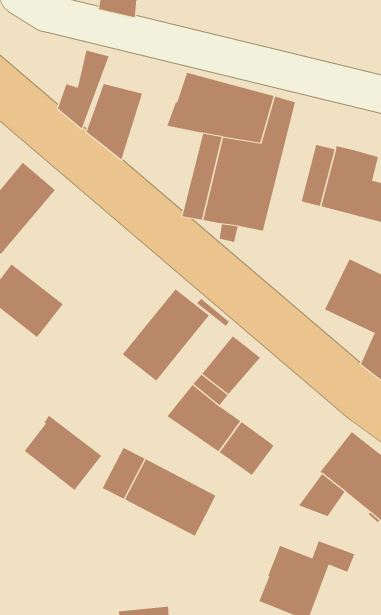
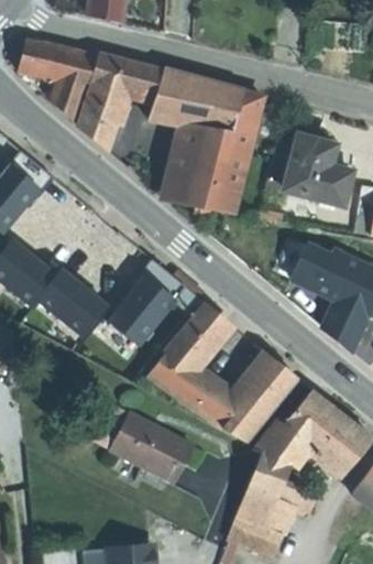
building: none -> [19,39,77,84]
building: none -> [91,53,166,97]
building: none -> [224,357,299,444]
building: [24,415,102,491] -> [39,269,108,336]
building: none -> [249,454,292,501]

